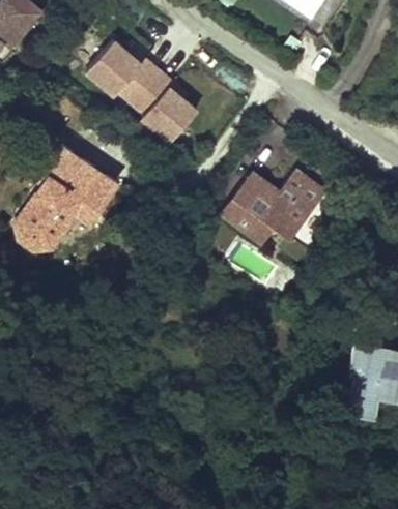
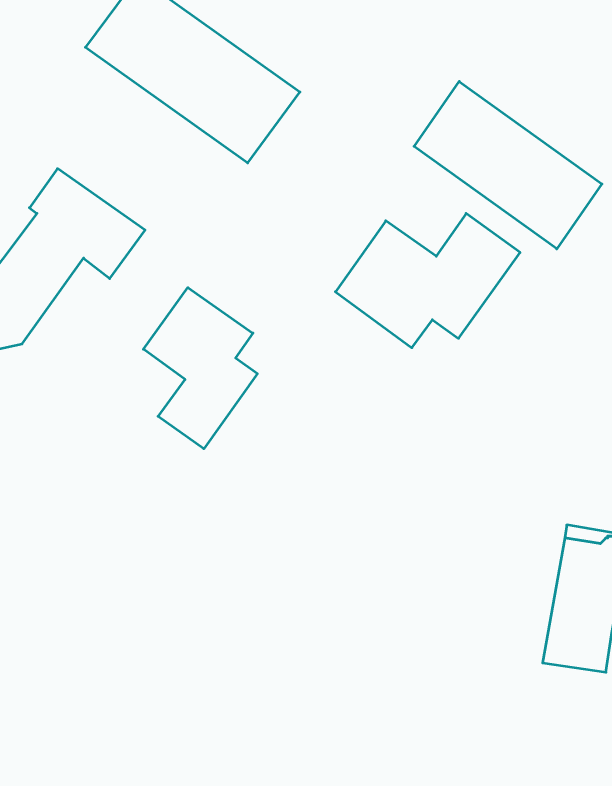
building: none -> [414,81,602,249]
building: none -> [143,288,257,449]

